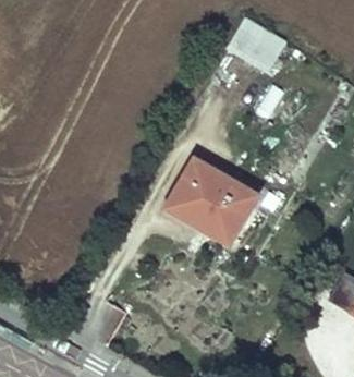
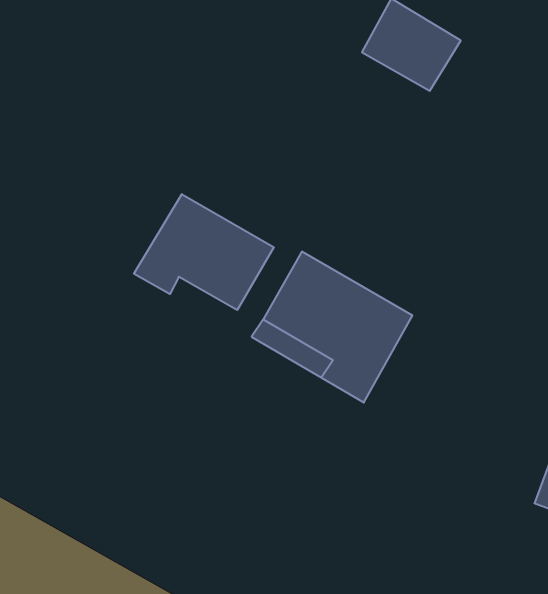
building: none -> [134,194,274,310]

